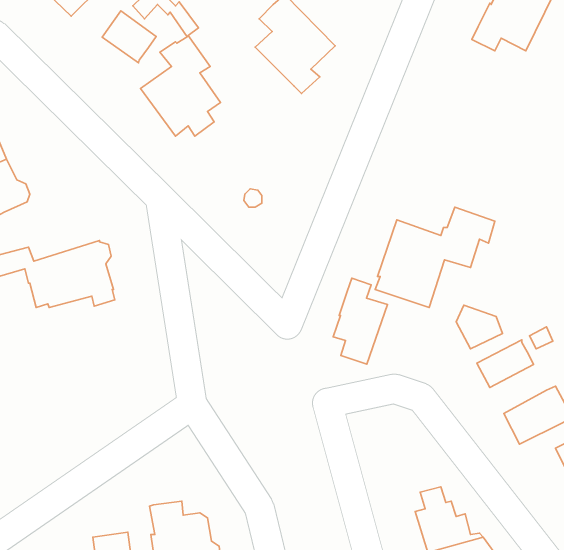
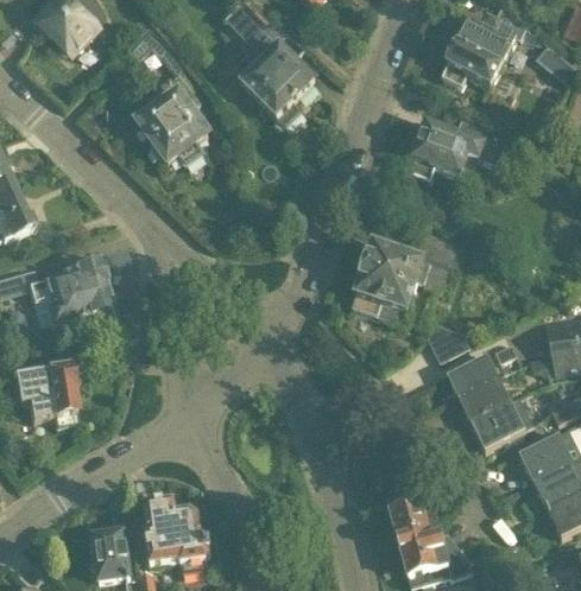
building: [102,11,156,63] -> none
building: none -> [409,117,509,179]
building: [333,278,387,364] -> none
building: none -> [13,364,76,422]
building: none -> [456,374,509,419]

